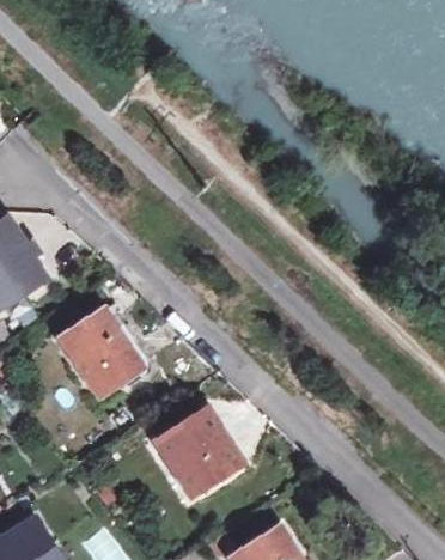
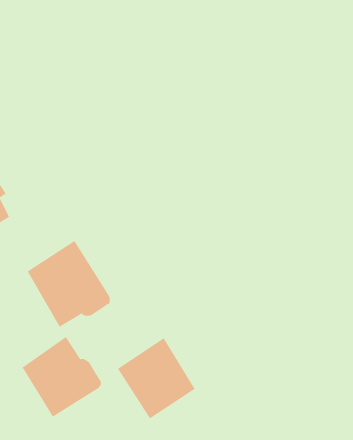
building: none -> [22,336,102,418]

